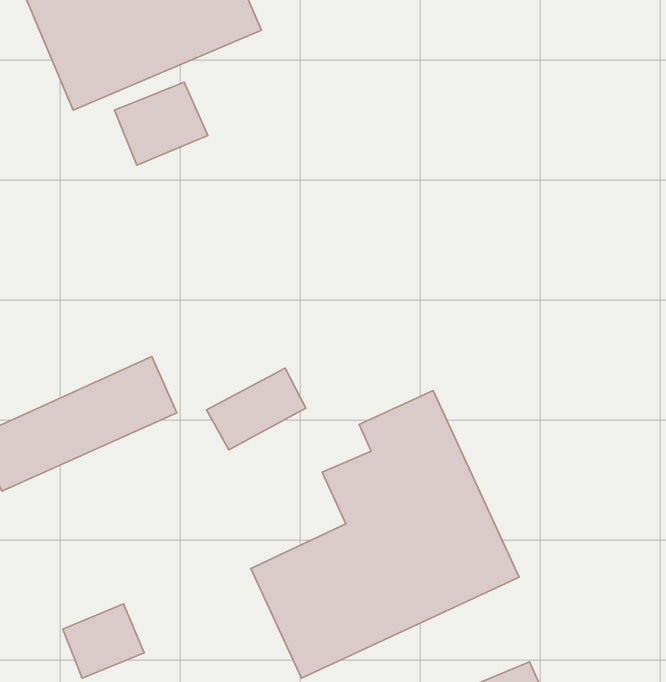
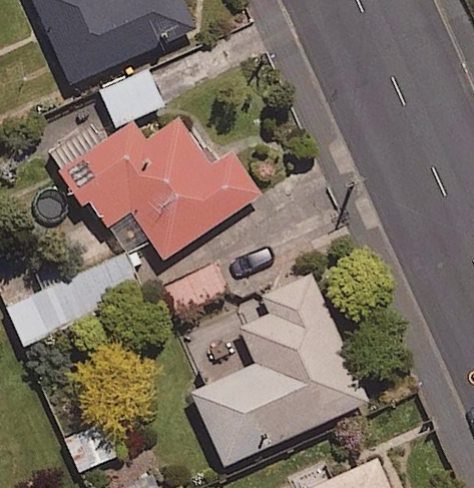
building: none -> [58,115,263,262]

